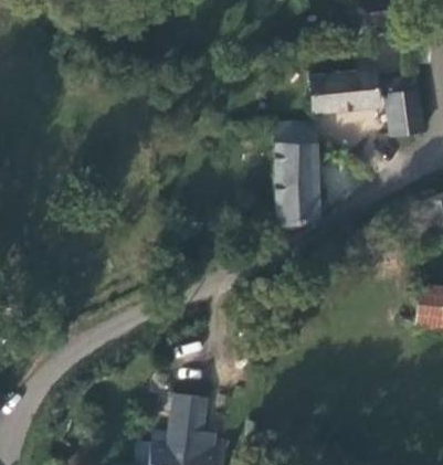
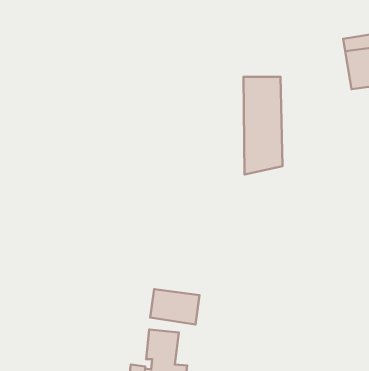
building: [309,60,379,116] -> none
building: none -> [150,289,200,325]

